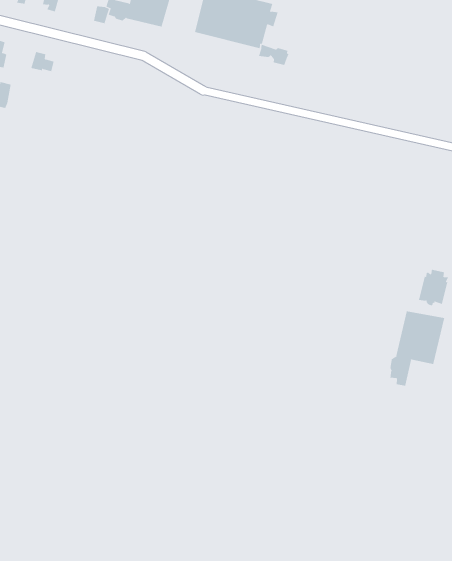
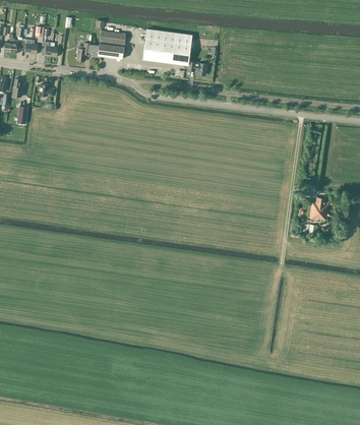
building: [390,311,445,387] -> none

